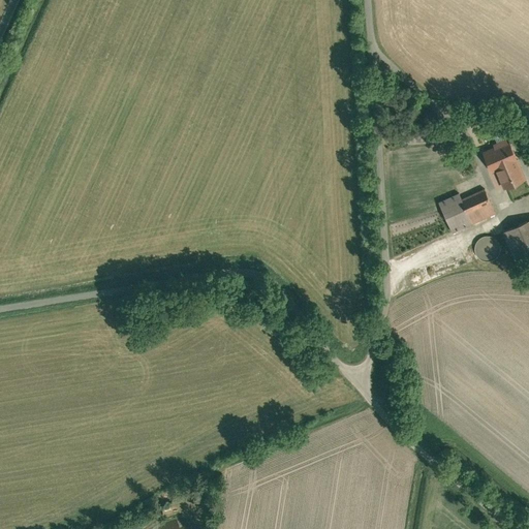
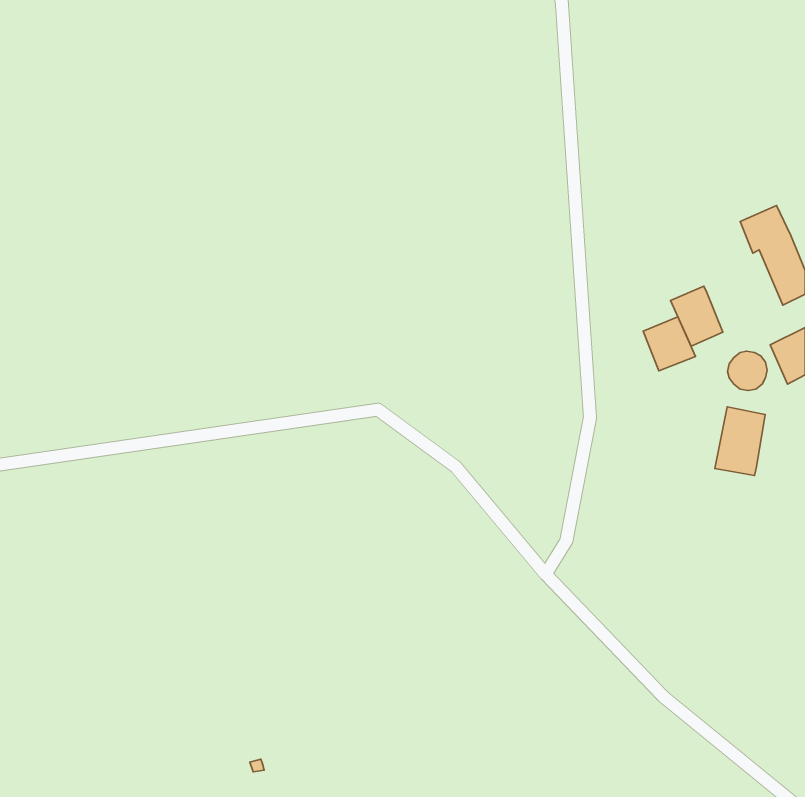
building: [462,189,496,224] -> [643,317,695,371]
building: none -> [715,407,765,476]

